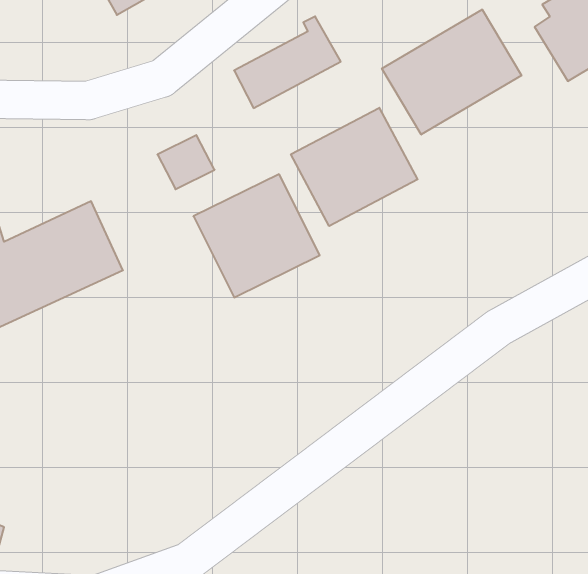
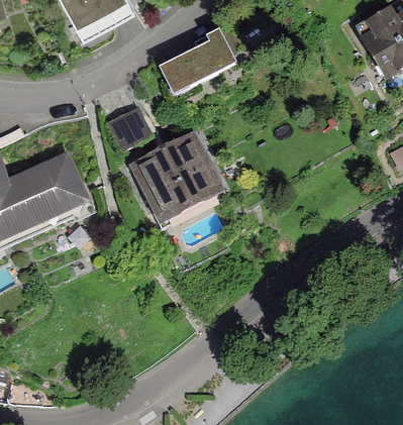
building: [382,9,521,135] -> none
building: [291,108,418,226] -> none

